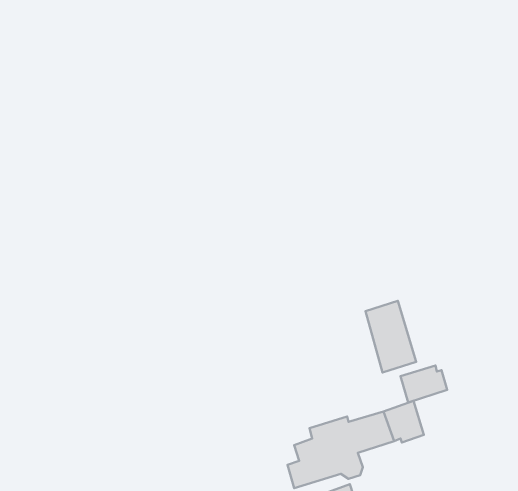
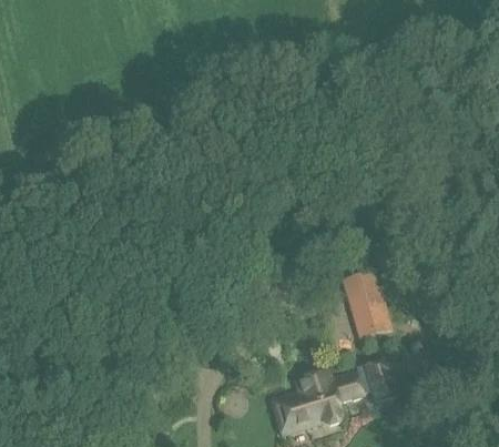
building: [400,366,447,403] -> none

